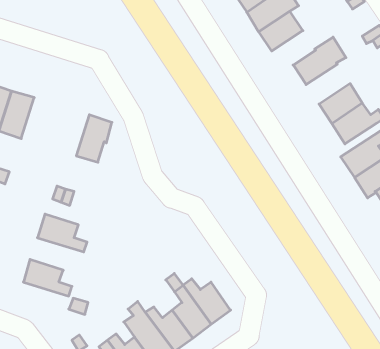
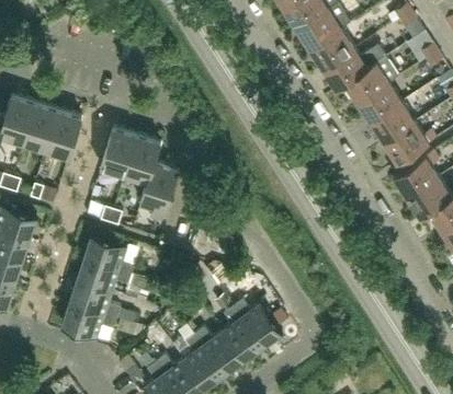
building: none -> [322,45,385,91]
building: none -> [358,83,403,124]
building: none -> [100,128,137,176]
building: none -> [139,162,178,223]
building: none -> [77,259,132,292]
building: none -> [63,304,116,338]

